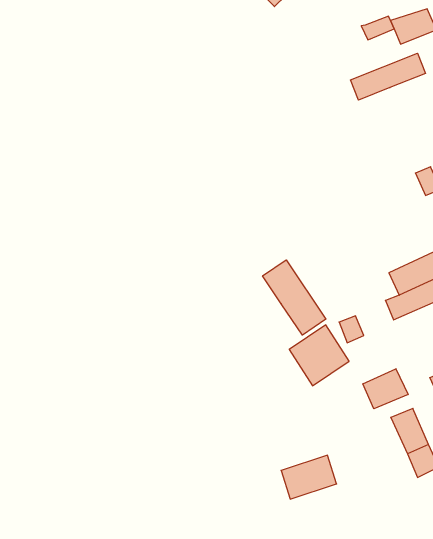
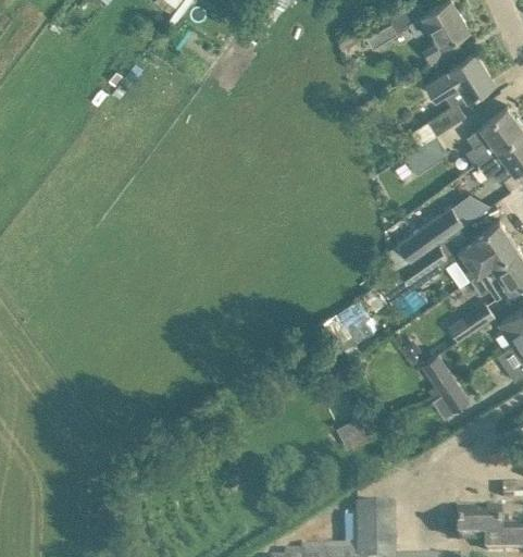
building: [350,53,425,100] -> none
building: [263,260,326,335] -> none
building: [363,369,408,409] -> none

